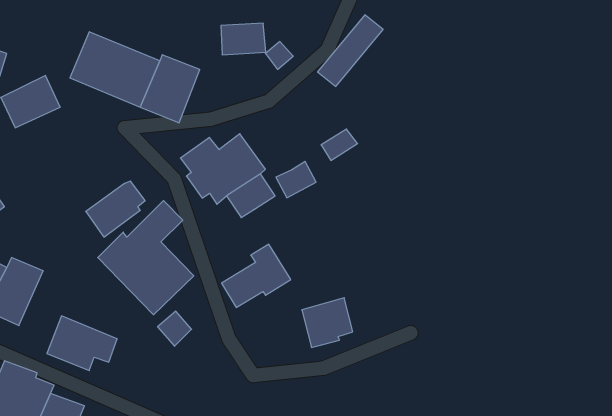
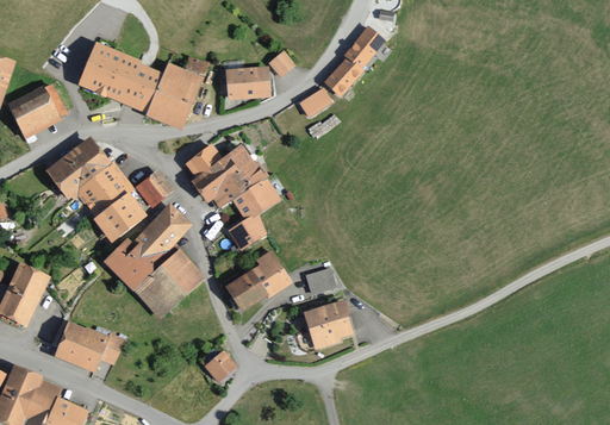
building: [221,23,266,55] -> [226,68,270,99]
building: none -> [42,136,130,217]
building: [321,129,358,161] -> [299,88,335,119]
building: [276,161,316,198] -> [229,214,268,250]
building: none -> [136,170,172,206]
building: none -> [305,268,336,295]
building: [158,311,192,346] -> [205,351,238,386]

